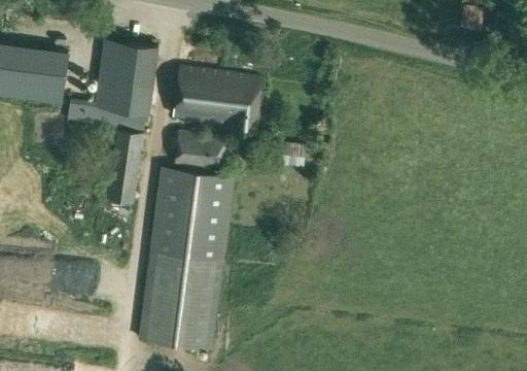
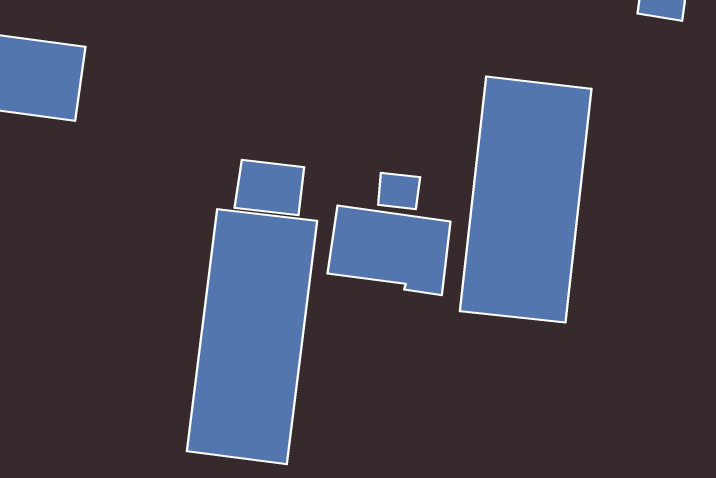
building: [68,38,155,204] -> none
building: [174,68,261,132] -> [327,205,451,295]
building: none -> [460,76,591,322]

